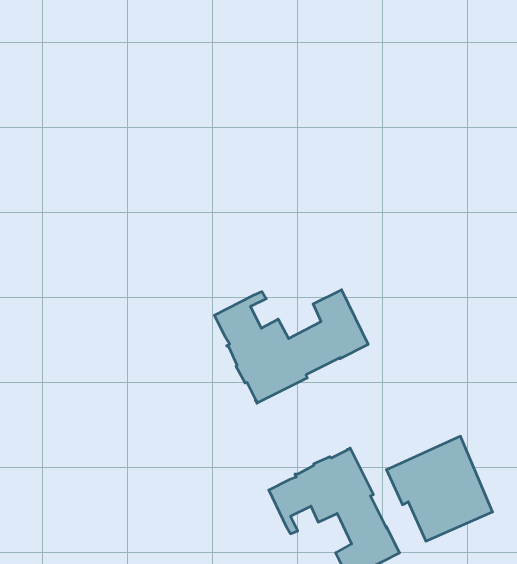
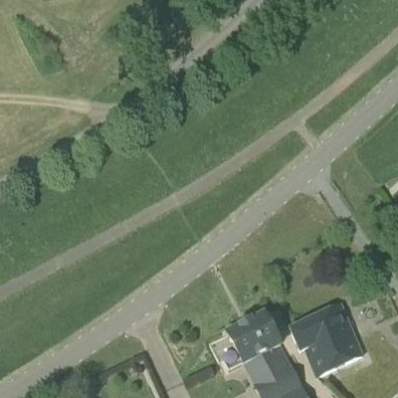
building: [214,290,368,403] -> none

